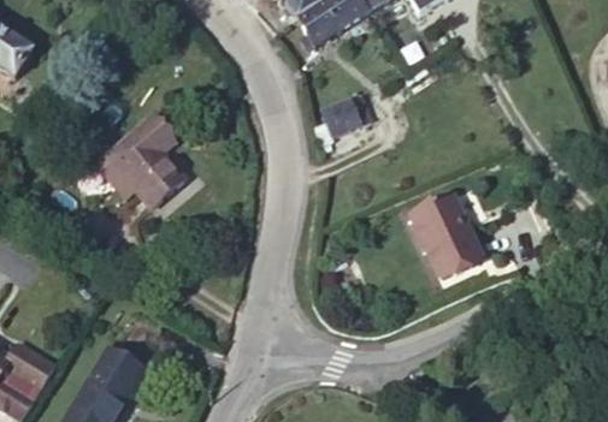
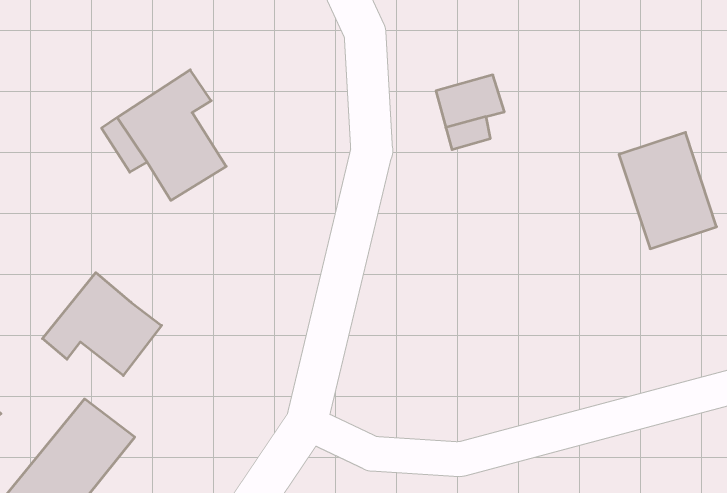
building: [409,194,482,275] -> [619,132,717,249]
building: none -> [42,273,162,376]

